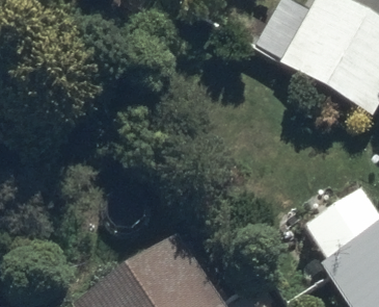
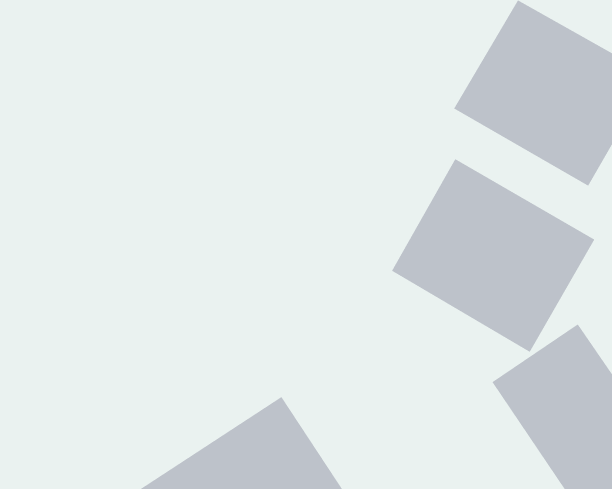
building: none -> [391,158,595,353]

